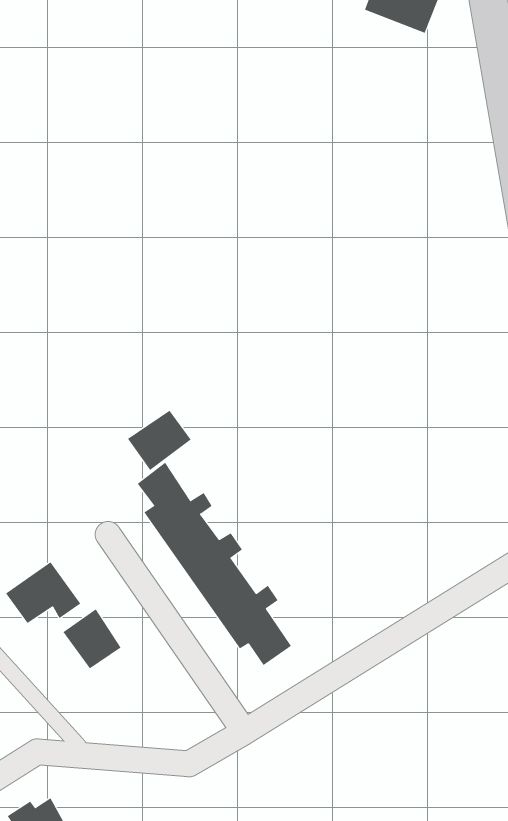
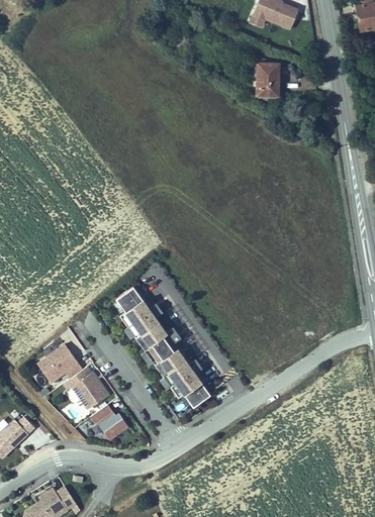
building: none -> [259,66,279,95]
building: [127,410,191,471] -> none
building: none -> [92,406,129,441]

